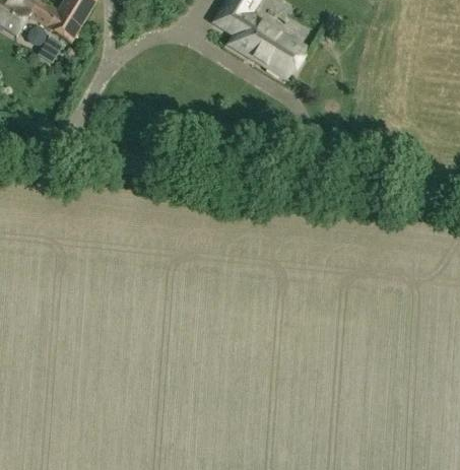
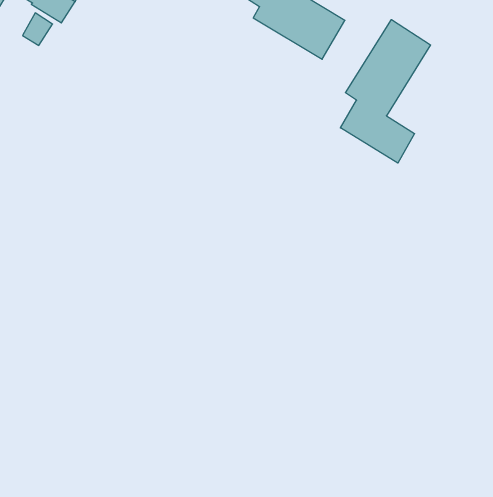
building: none -> [340,20,431,163]

